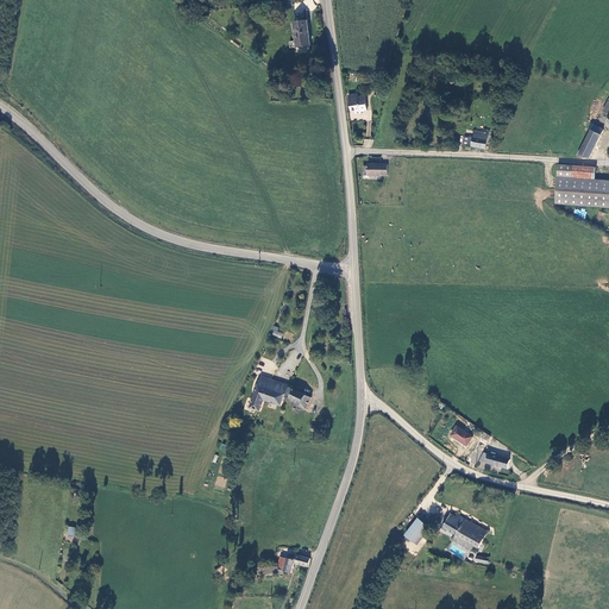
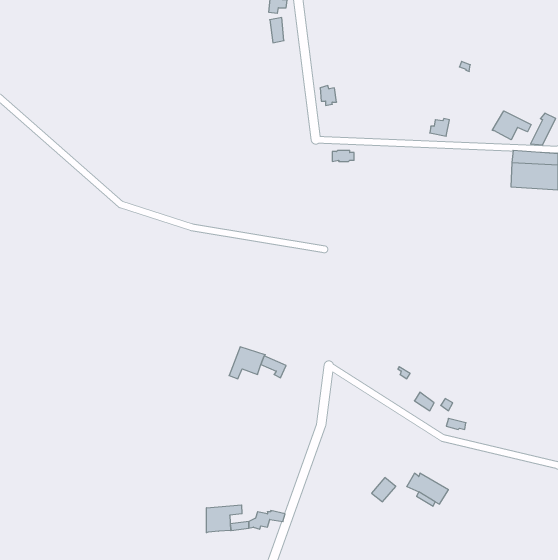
building: none -> [492,111,531,140]
building: none -> [206,505,242,533]

